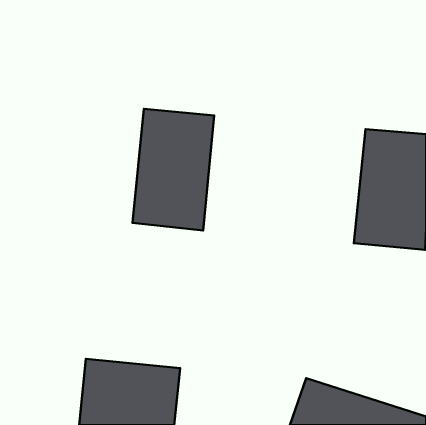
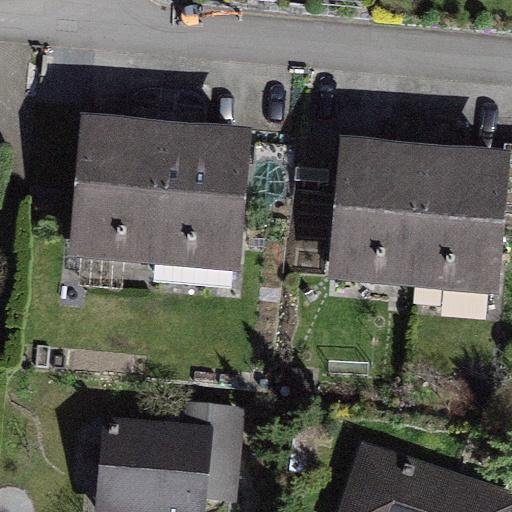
building: none -> [72,120,169,262]
building: none -> [333,143,430,286]

